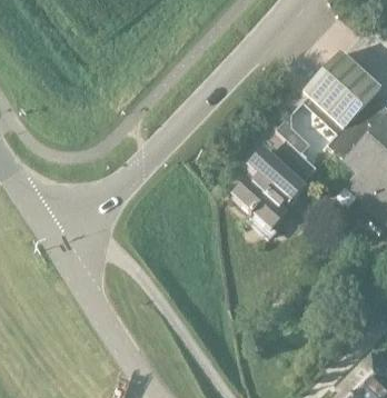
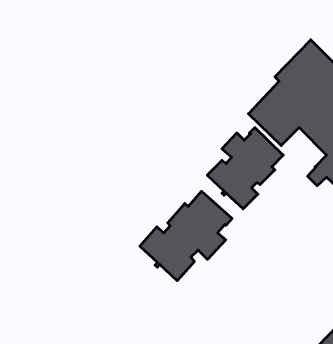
building: none -> [140,191,232,281]

